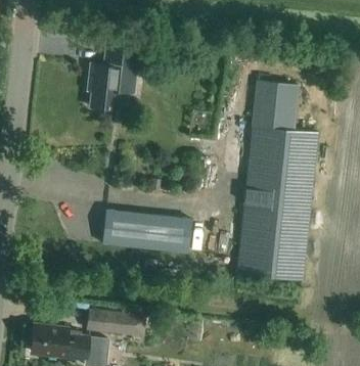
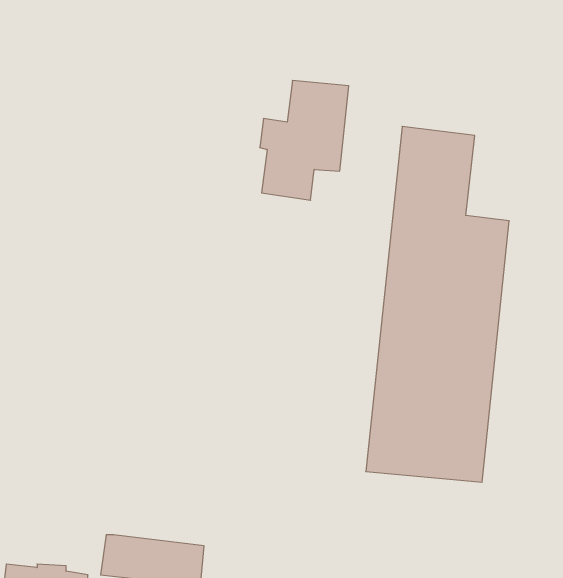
building: [89,43,139,110] -> [260,80,349,200]
building: [103,211,191,254] -> none

